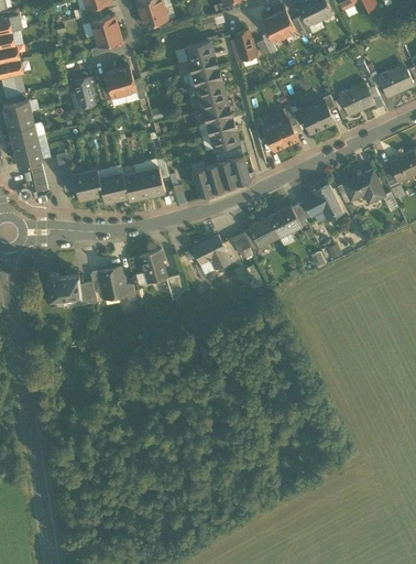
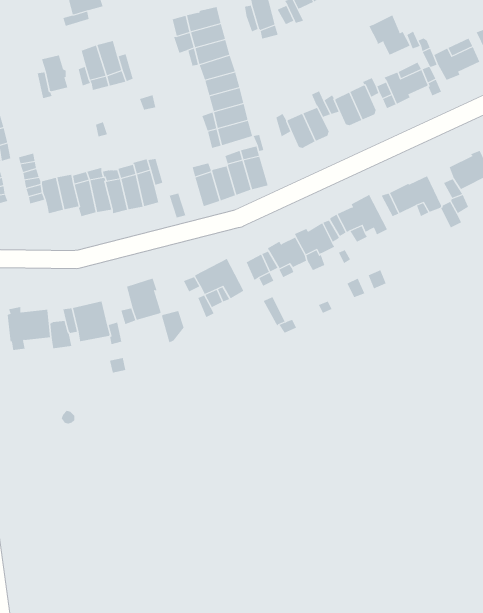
building: none -> [369,14,411,56]

